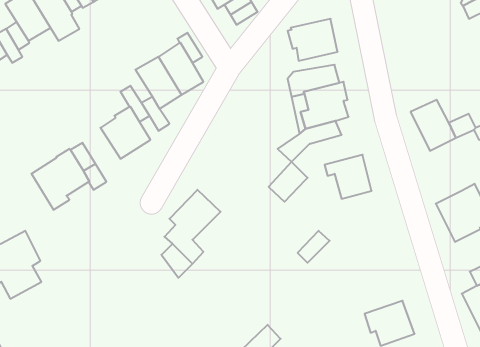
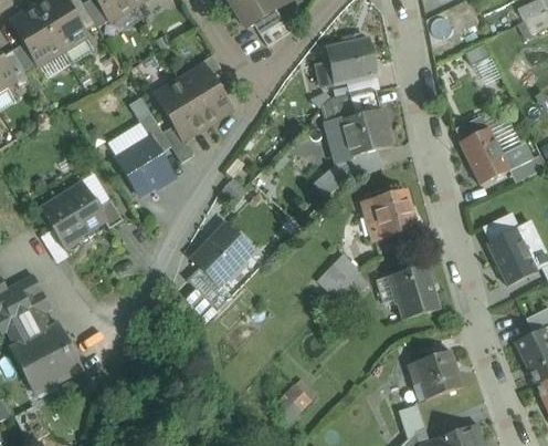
building: [269,162,308,202] -> [316,252,359,297]
building: none -> [376,263,439,319]
building: none -> [17,328,75,386]

